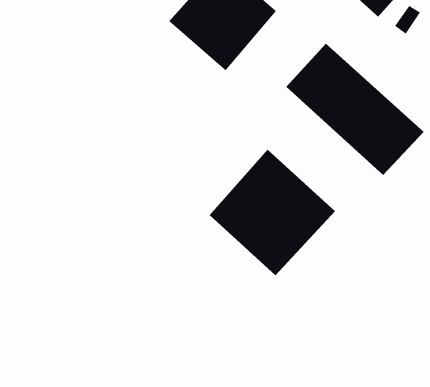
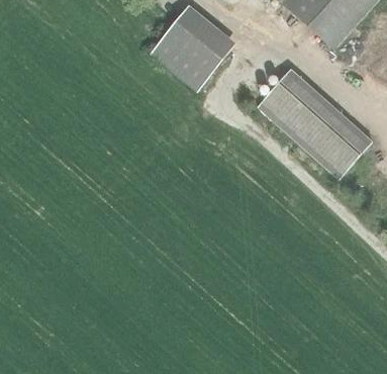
building: [209,149,336,276] -> none

